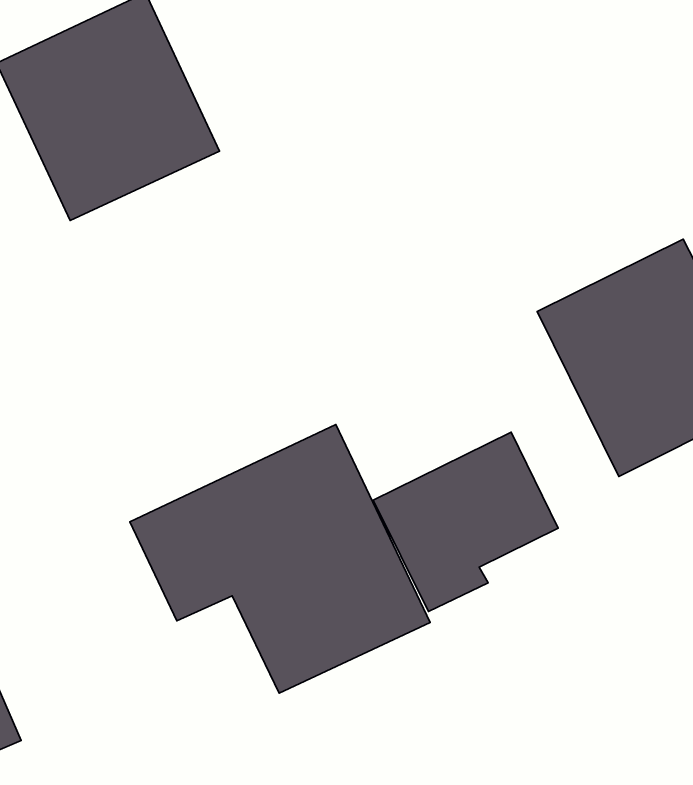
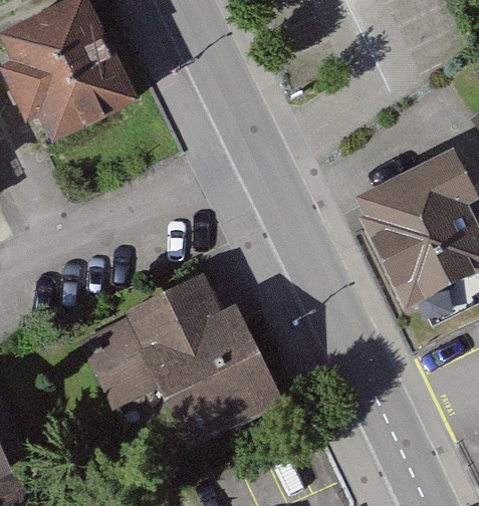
building: [373,432,558,612] -> none

